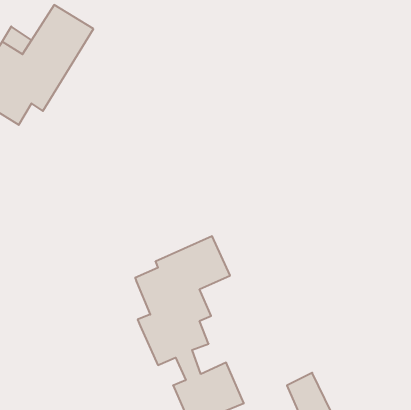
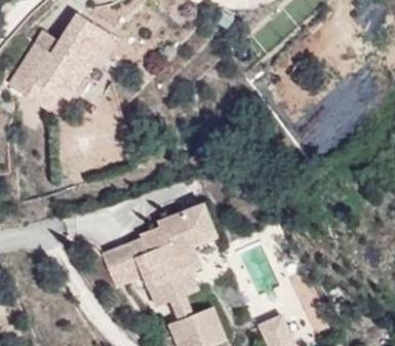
building: none -> [102,239,152,289]

